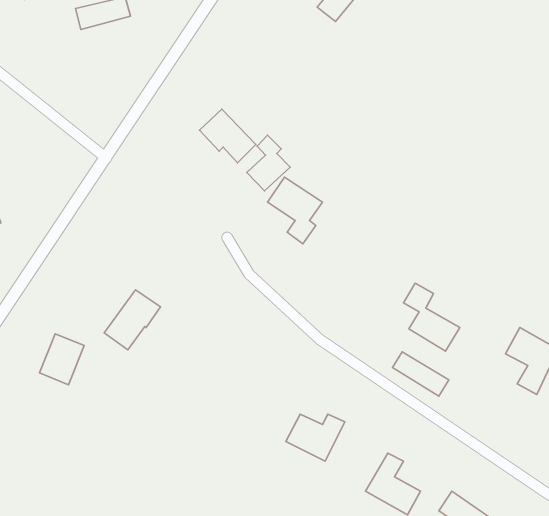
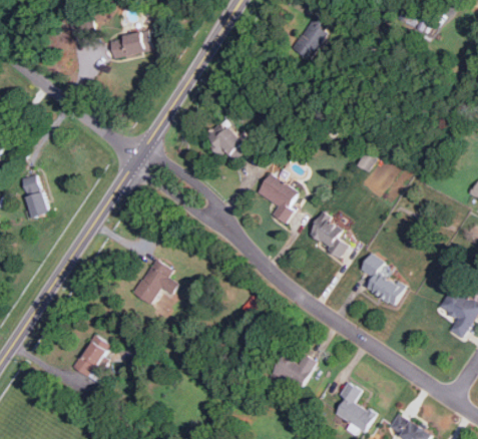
building: [247,135,290,191] -> none
building: none -> [306,213,348,259]
building: [40,334,84,385] -> [74,341,108,380]
building: [392,352,449,396] -> none

